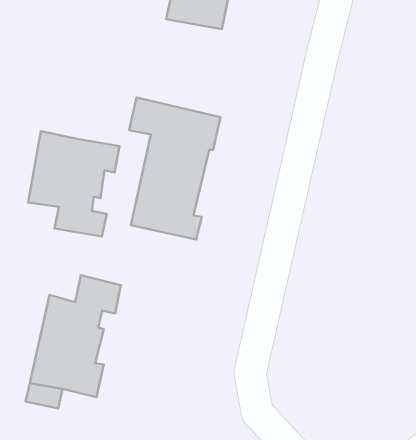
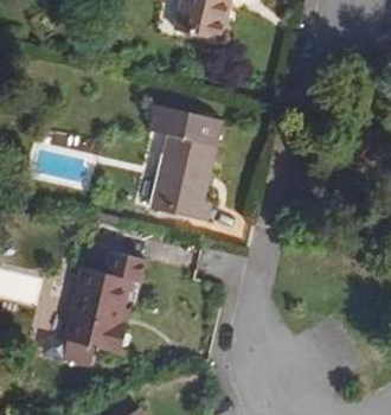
building: [28,131,119,236] -> none

